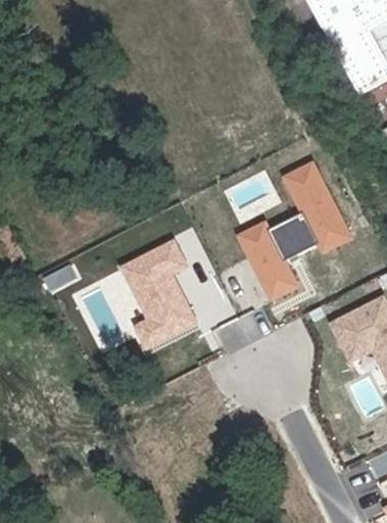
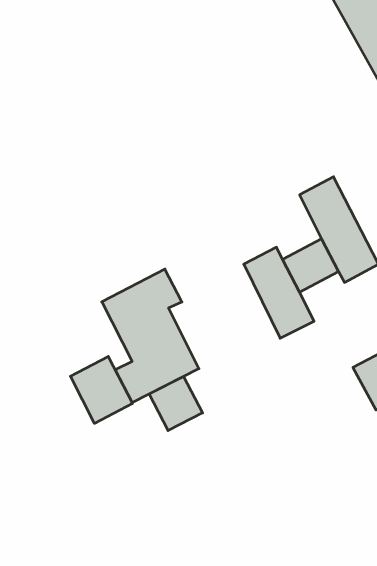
building: none -> [70,356,132,423]
building: none -> [149,376,203,431]

